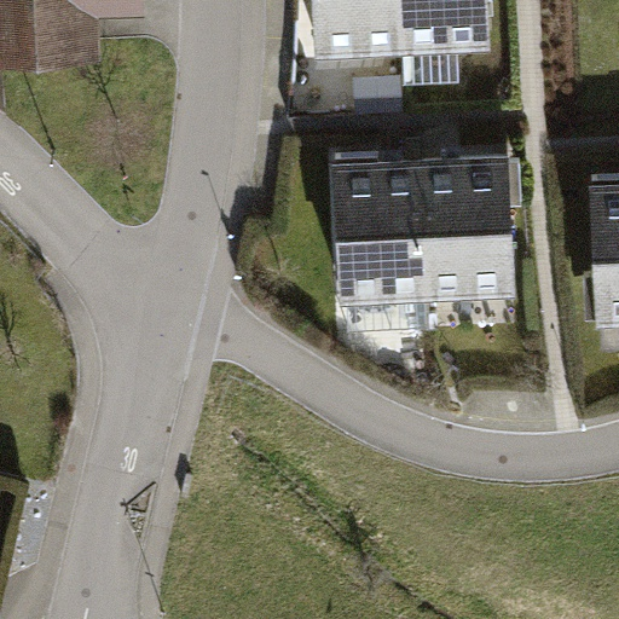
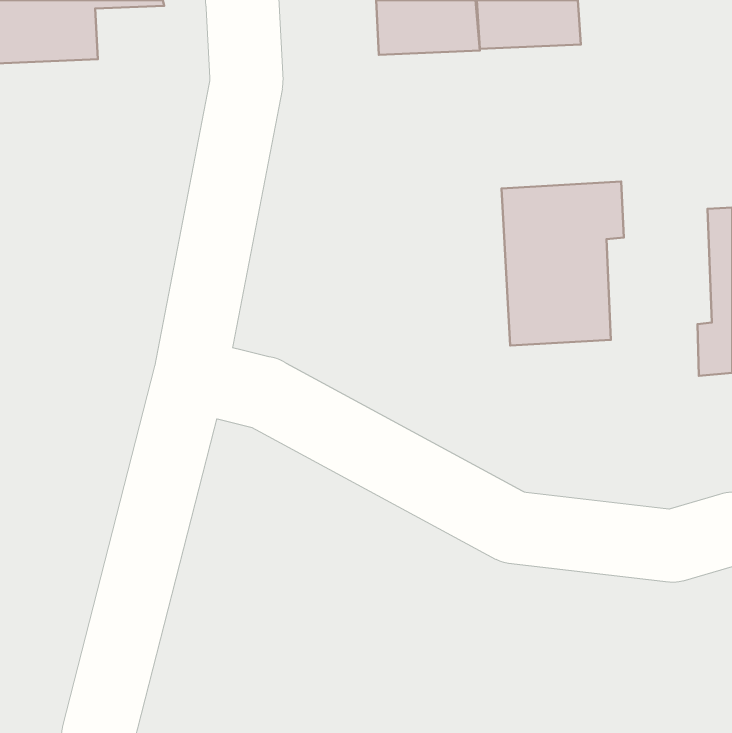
building: [337,155,428,296] -> none

